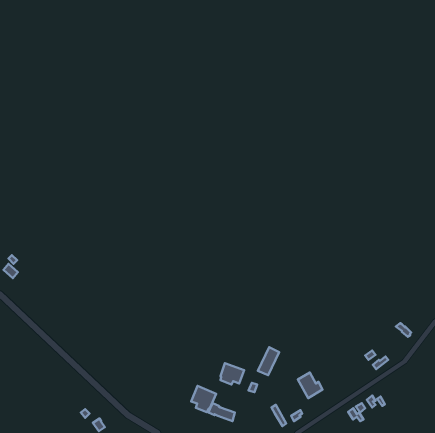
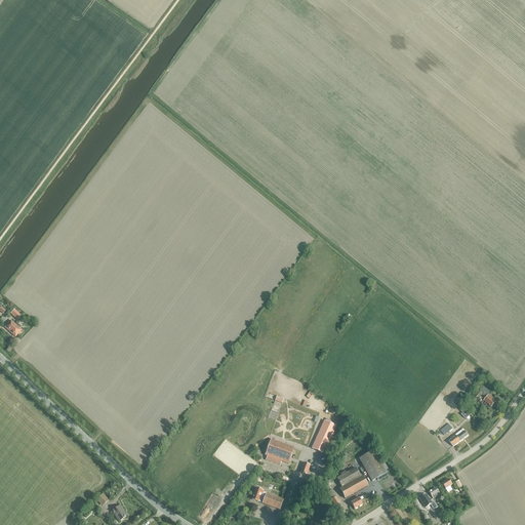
building: [191,386,216,412] -> none
building: none -> [336,467,367,497]

